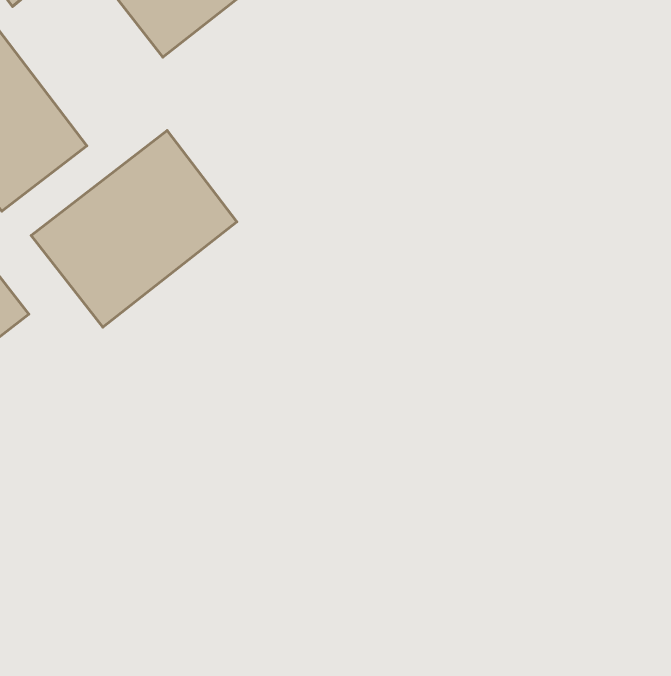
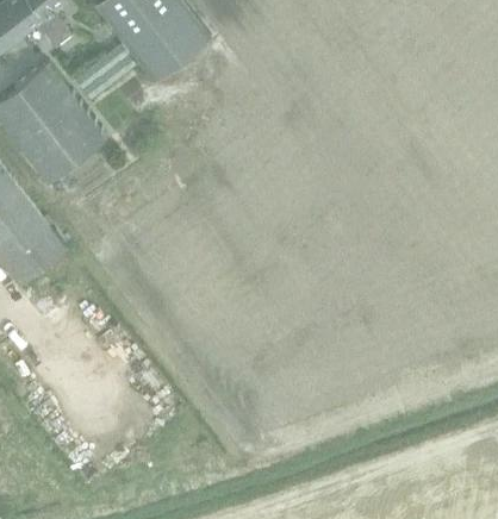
building: [31,131,237,327] -> none

